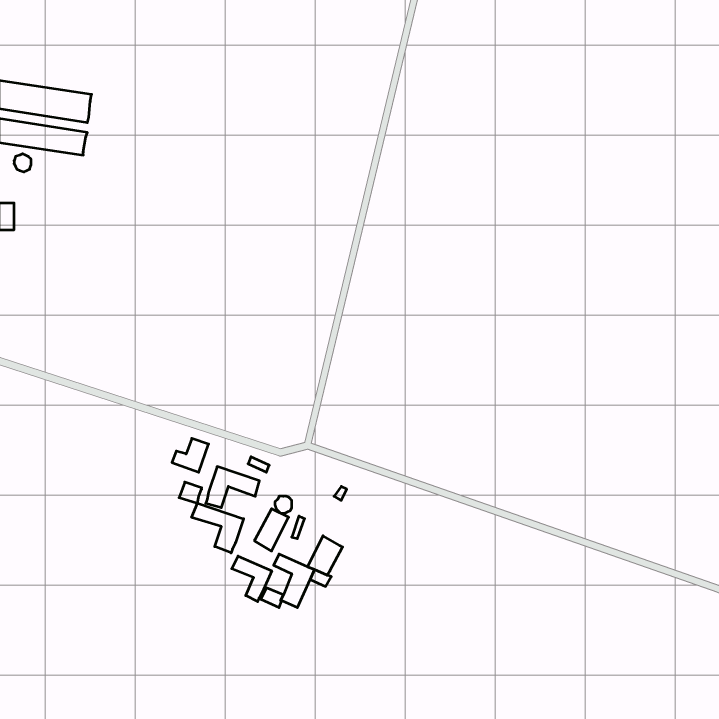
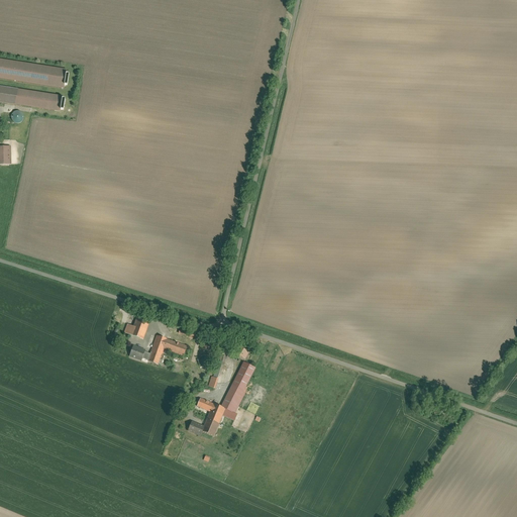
building: [192,503,244,553] -> none
building: [255,509,289,551] -> [231,360,255,391]
building: [232,556,272,602] -> none

